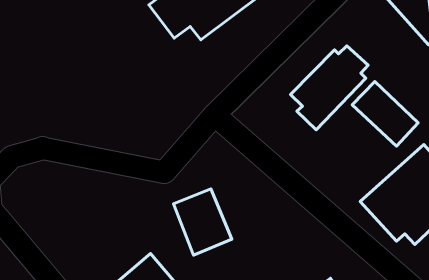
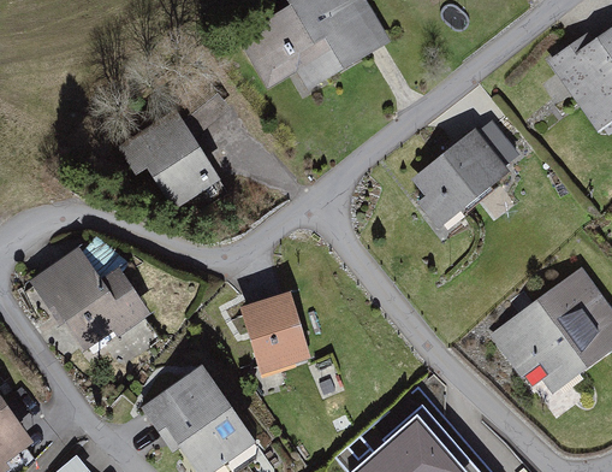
building: none -> [115,112,220,213]
building: [352,81,418,146] -> none
building: none -> [28,246,151,349]

